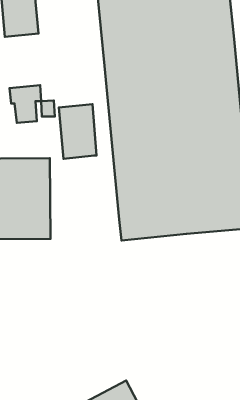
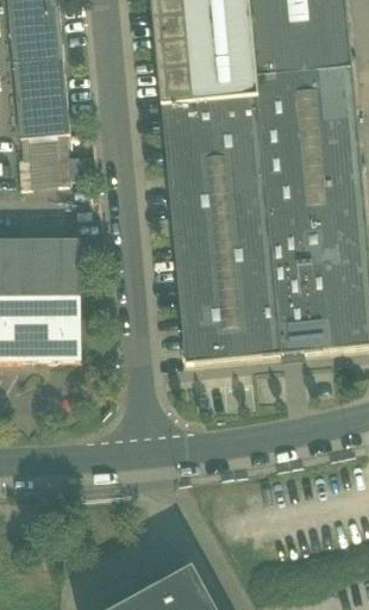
building: [59,104,97,159] -> [12,52,68,133]

